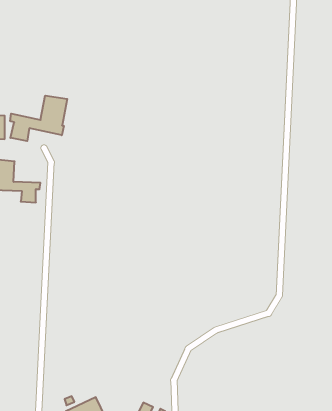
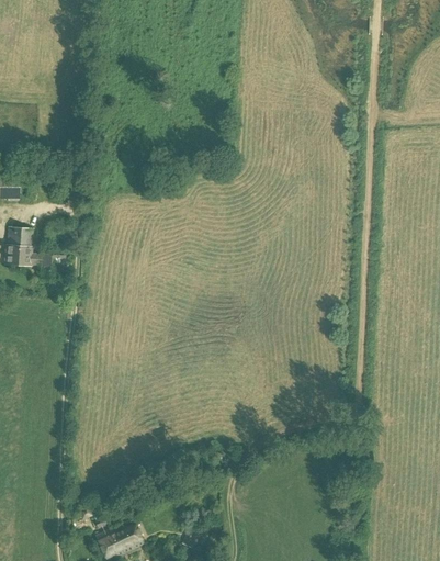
building: [10,96,67,141] -> none

